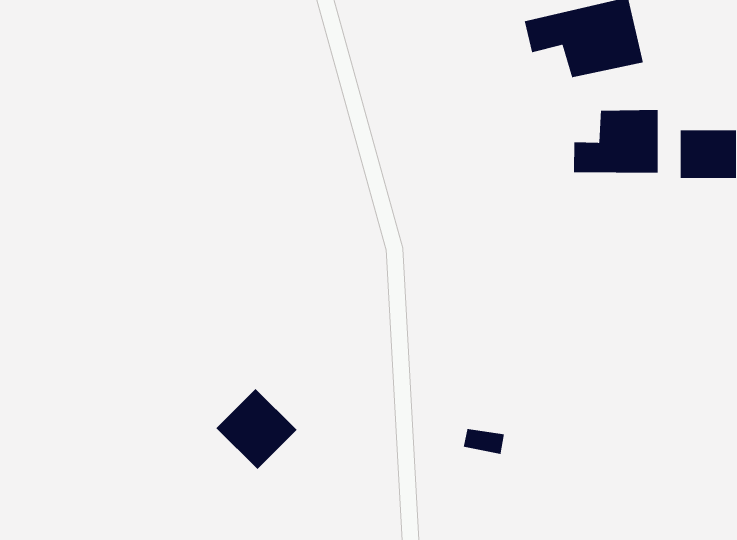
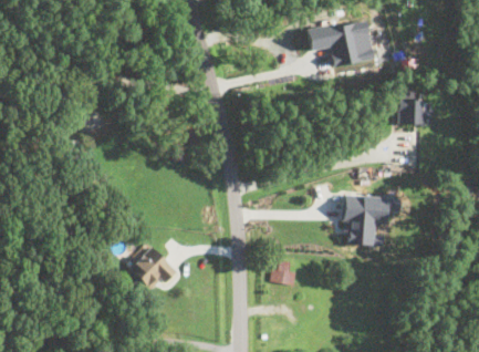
building: [573,109,659,173] -> none
building: none -> [343,193,400,246]

